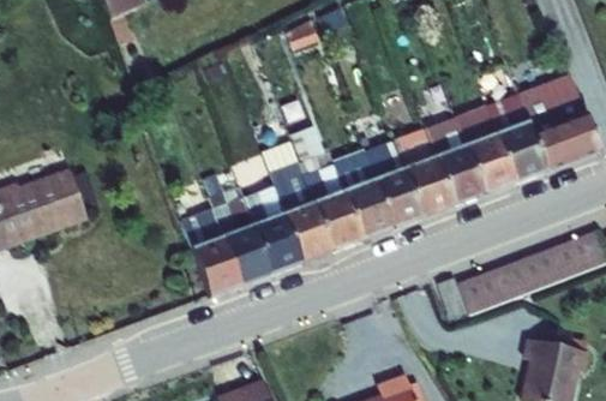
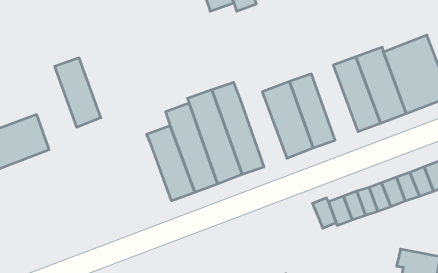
building: [425,110,484,205] -> none
building: [335,144,394,239] -> none
building: [188,207,247,294] -> [55,58,101,127]

